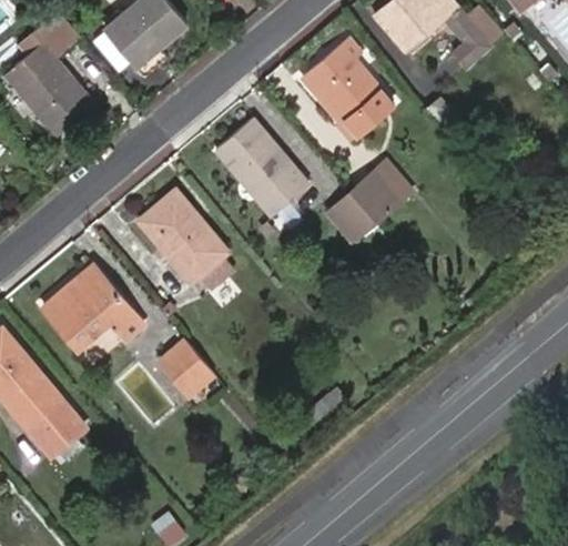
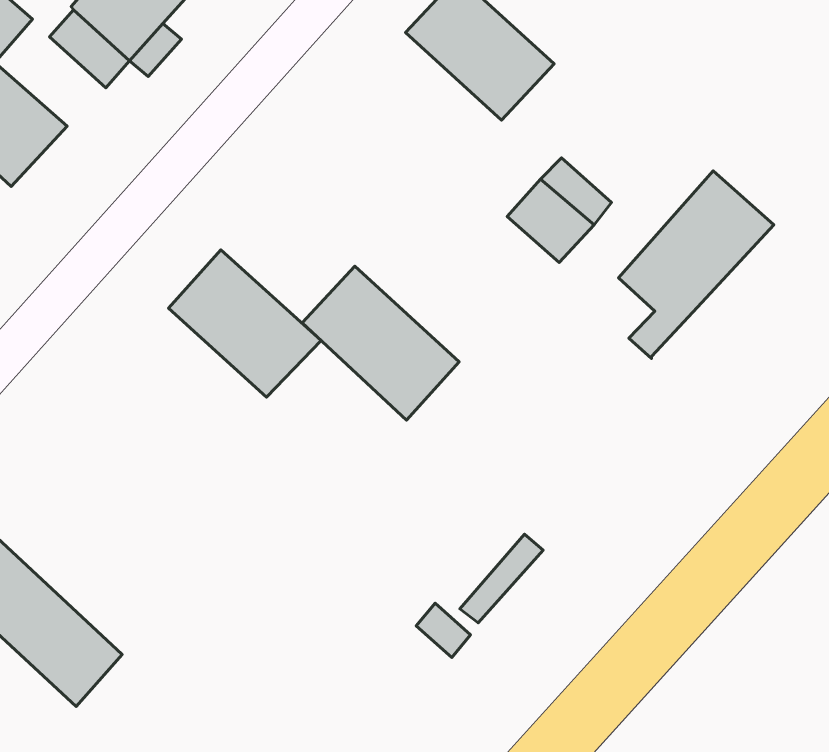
building: [215,118,307,215] -> [302,266,459,420]
building: none -> [619,171,774,359]
building: [328,192,379,244] -> none
building: [43,264,142,347] -> none
building: [159,340,213,394] -> none

